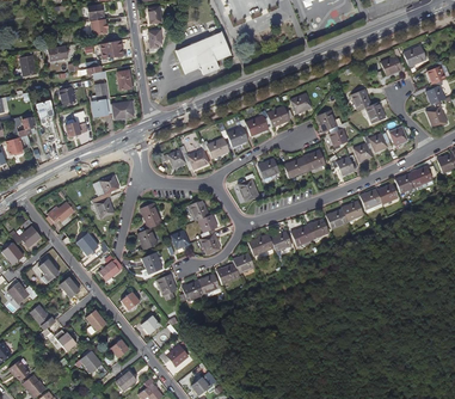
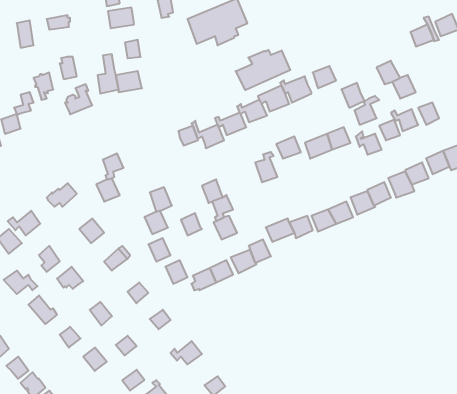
building: none -> [236,50,290,90]

